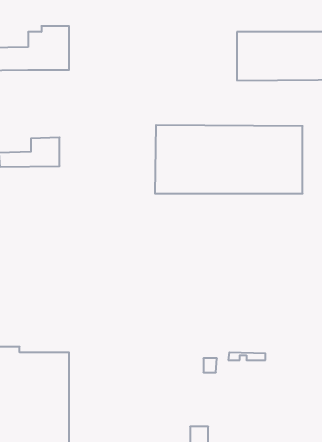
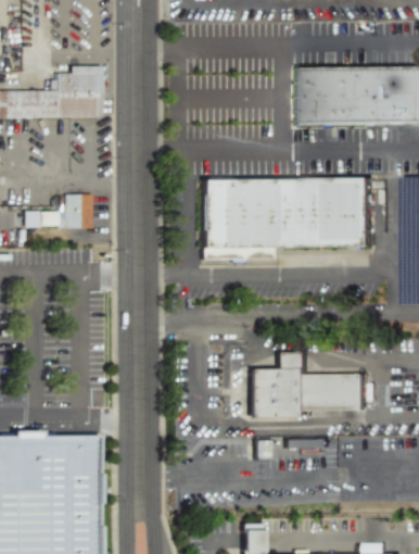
building: none -> [245,353,368,424]

